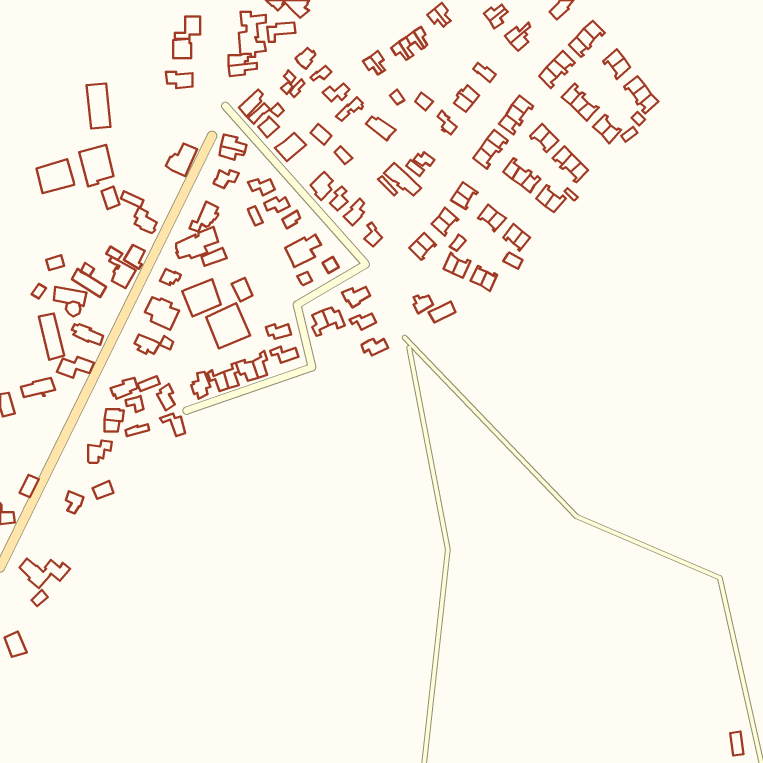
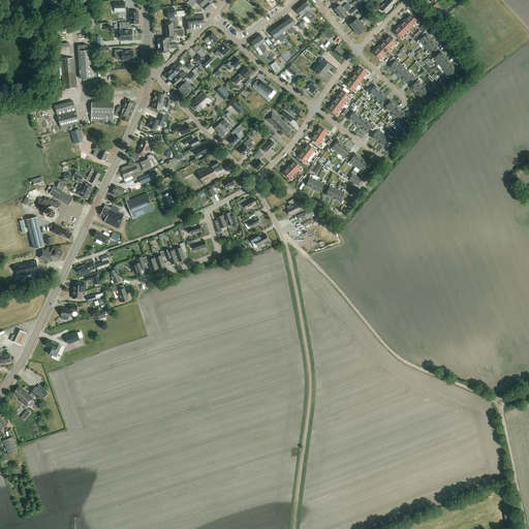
building: none -> [77,44,96,79]
building: none -> [90,102,114,122]
building: [36,159,74,193] -> none
building: [206,303,250,348] -> none

